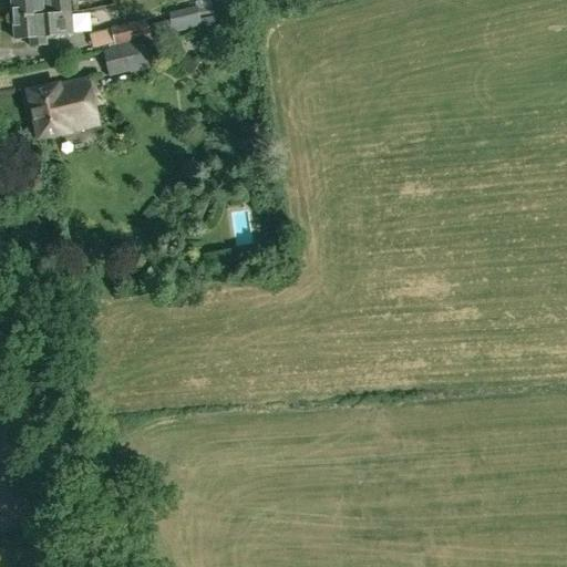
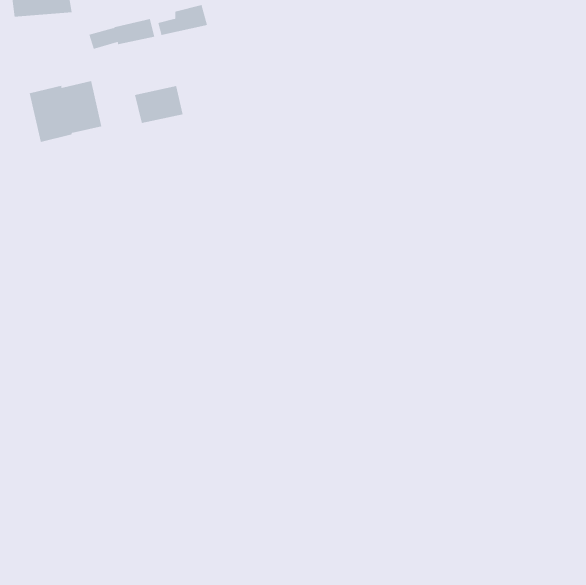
building: [13,12,72,44] -> none
building: [103,39,151,75] -> [134,86,184,124]

